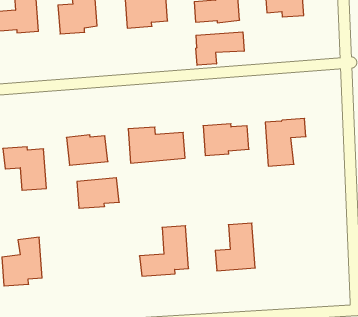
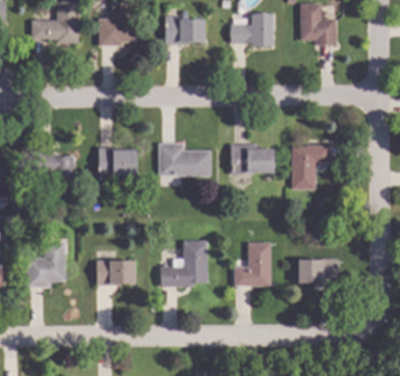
building: [196,32,244,65] -> none
building: [77,178,119,208] -> [97,260,136,287]
building: none -> [300,260,337,287]

